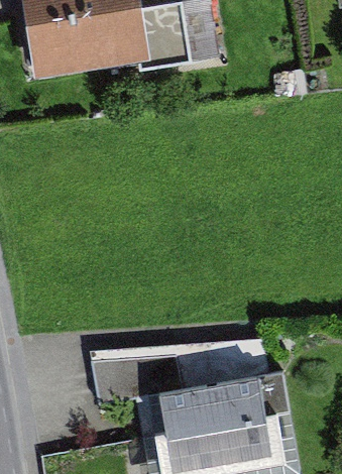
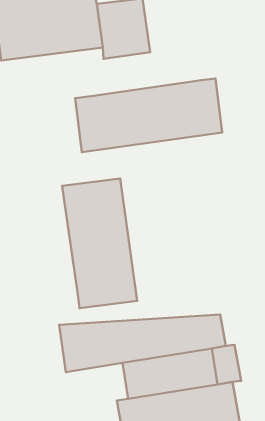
building: none -> [75,78,222,152]
building: none -> [62,179,137,308]

